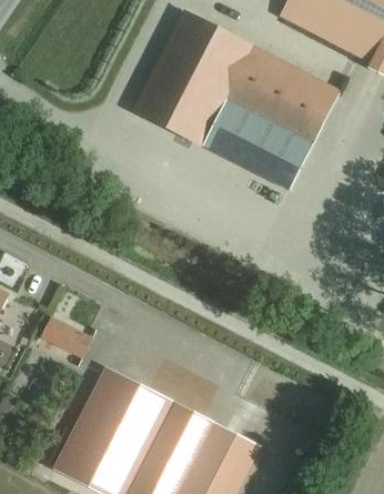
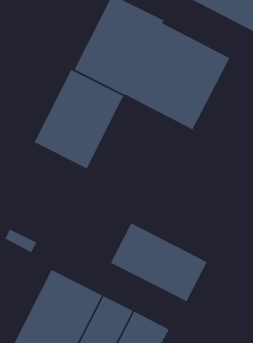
building: none -> [34,69,125,169]
building: none -> [110,222,208,303]

